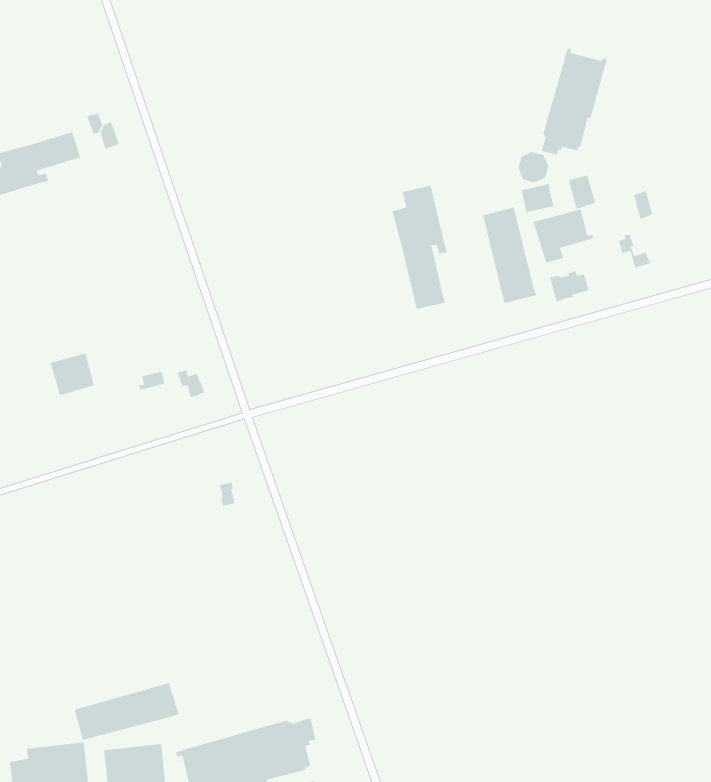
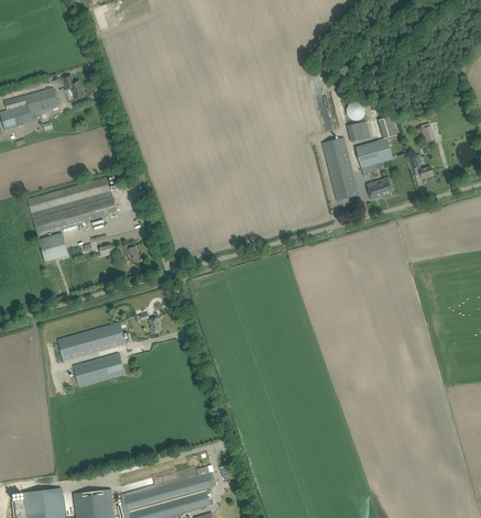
building: [541,47,608,155] -> none
building: [391,185,448,310] -> none
building: none -> [28,177,117,234]
building: none -> [73,352,125,386]
building: [74,682,179,741] -> [57,321,127,360]

